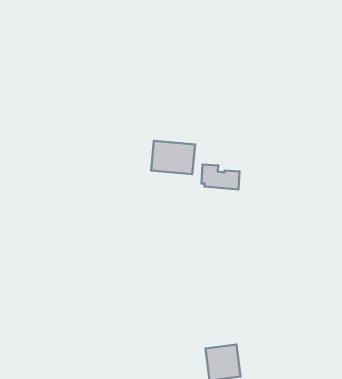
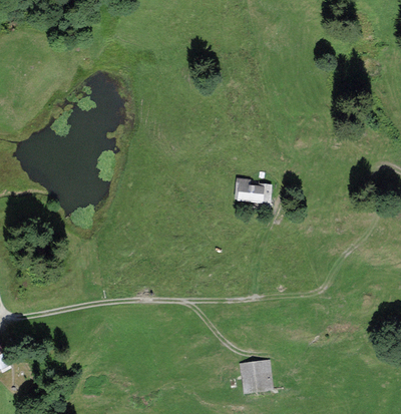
building: [151,141,195,174] -> none

